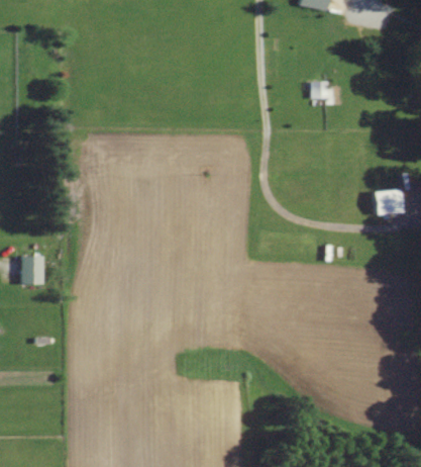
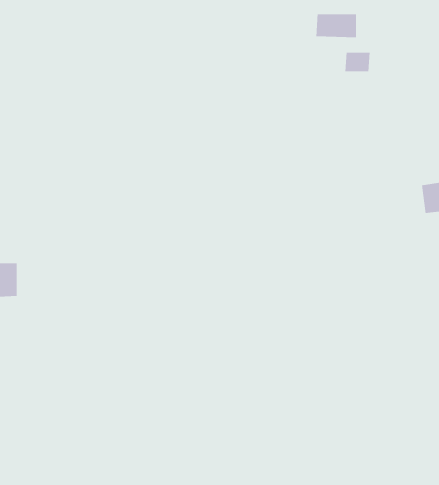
building: none -> [316,13,356,38]

